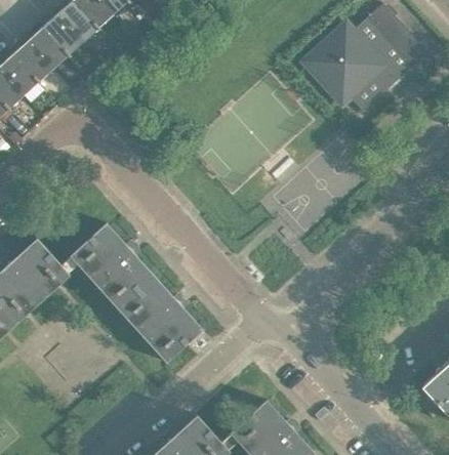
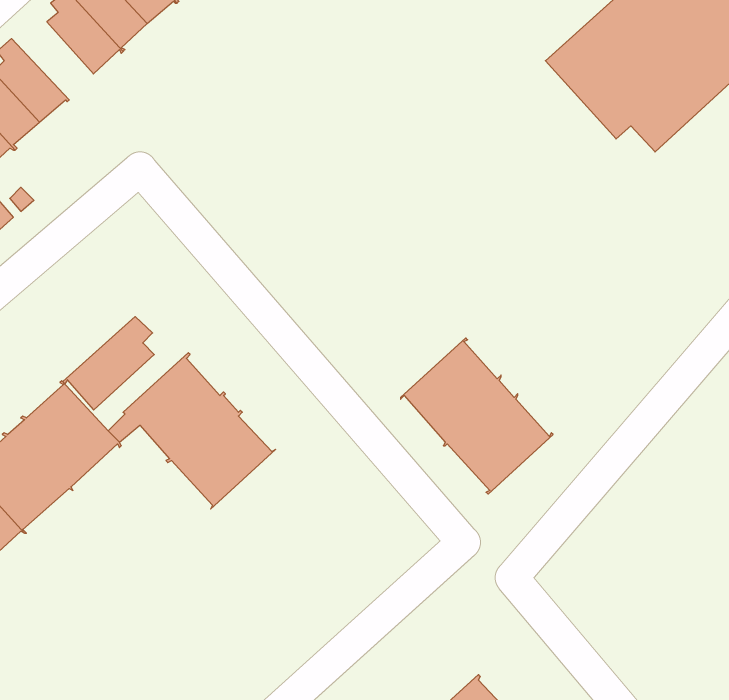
building: [8,40,53,83] -> none
building: none -> [63,317,154,410]
building: [118,276,202,362] -> [401,338,553,494]

